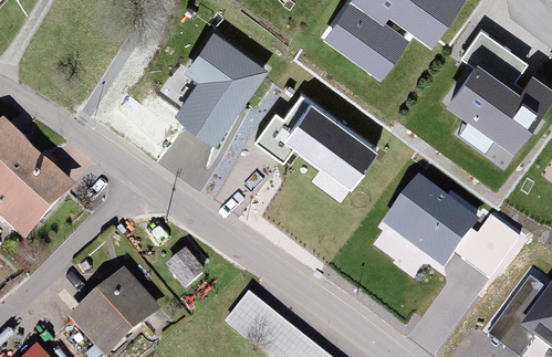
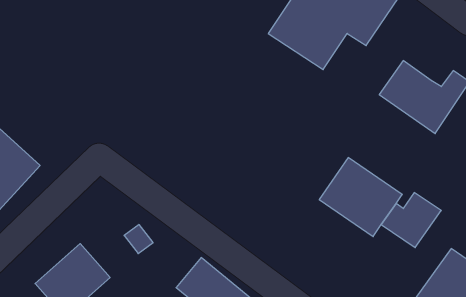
building: [460,32,524,91] -> none
building: [176,35,263,144] -> none
building: [253,95,375,190] -> none

